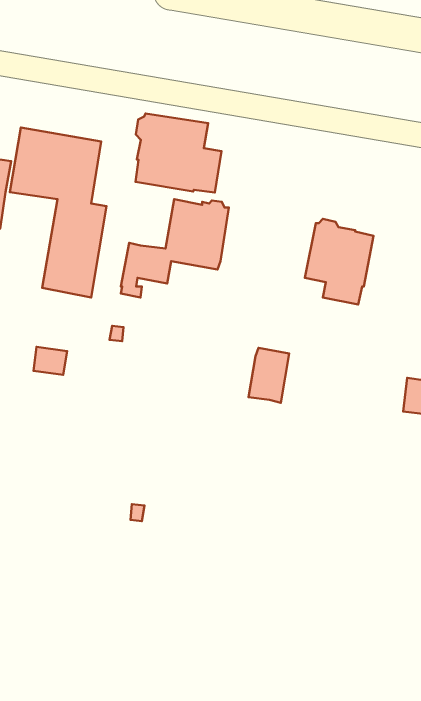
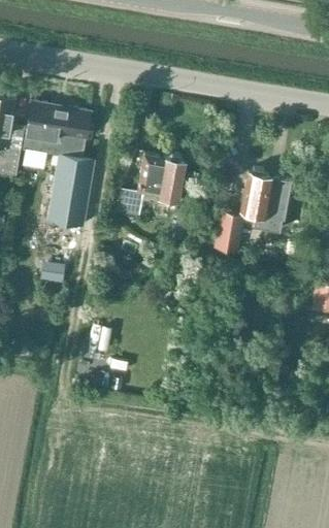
building: [136,113,221,193] -> none
building: [249,348,289,403] -> [215,210,244,251]

